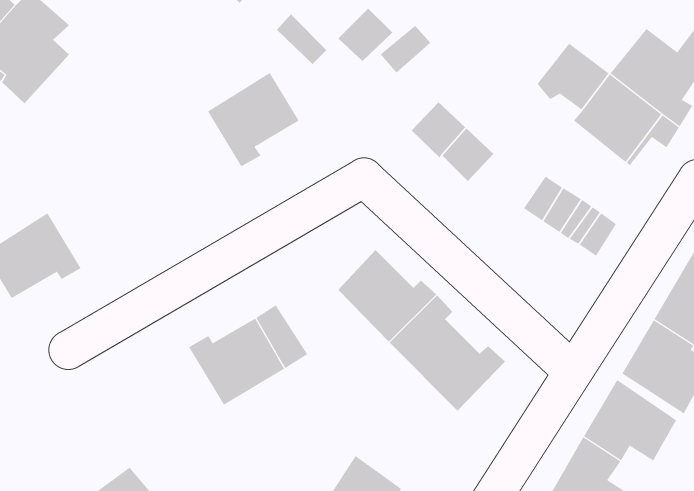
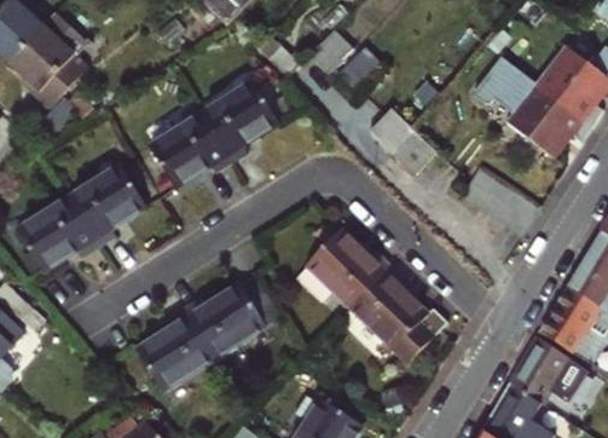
building: none -> [149,115,227,185]
building: none -> [68,166,144,244]
building: none -> [138,310,213,390]

